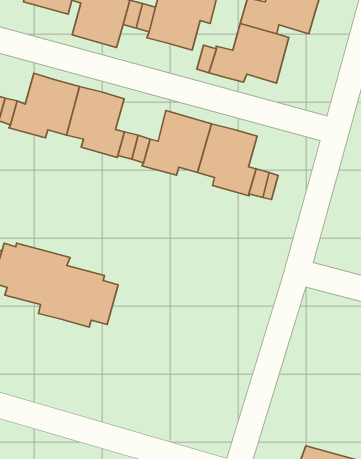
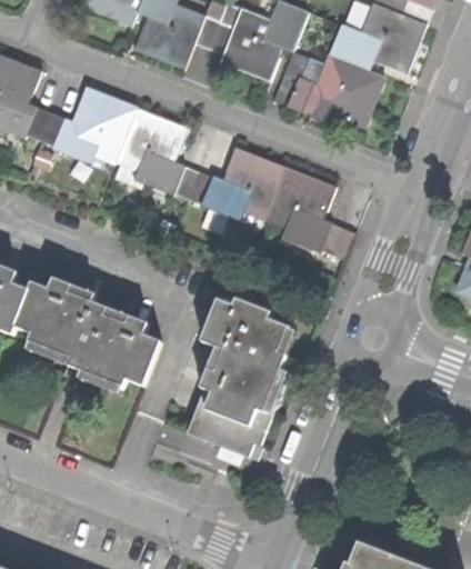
building: none -> [188,298,291,456]

